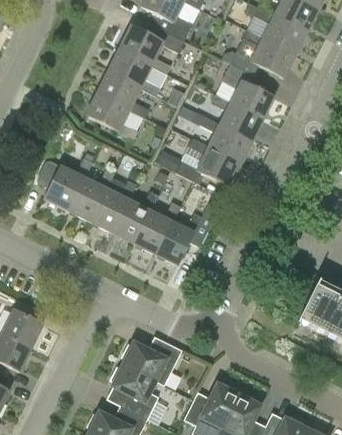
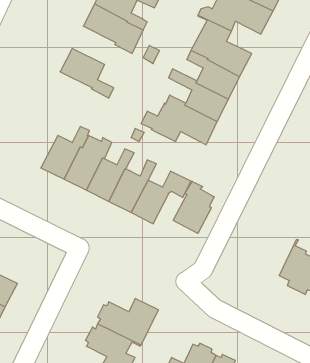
building: [97,69,149,117] -> none
building: [36,157,92,209] -> none
building: none -> [173,181,214,233]

